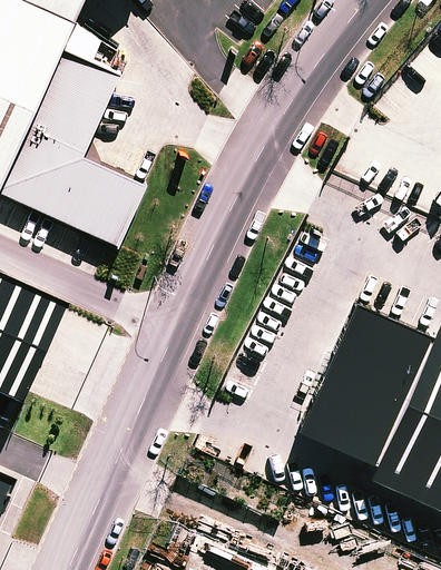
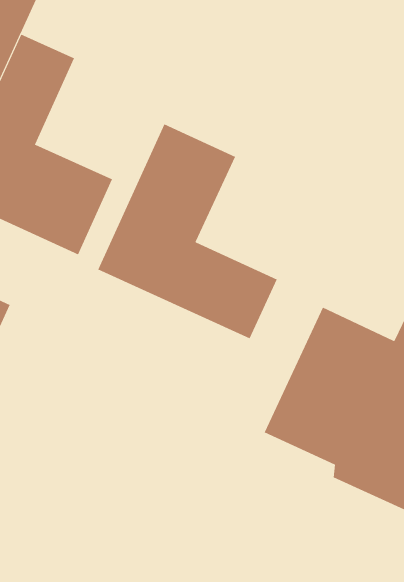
building: none -> [97,124,278,339]

